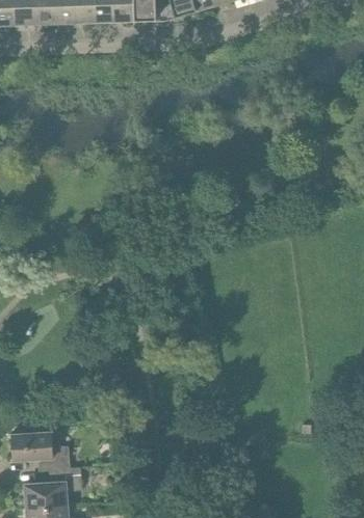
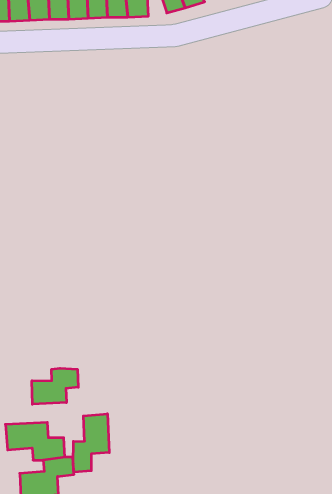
building: none -> [32,368,78,404]
building: none -> [73,414,109,472]

